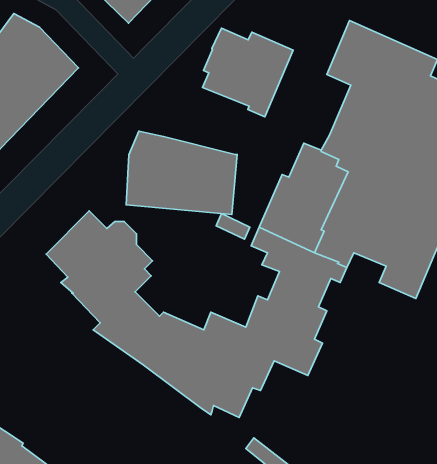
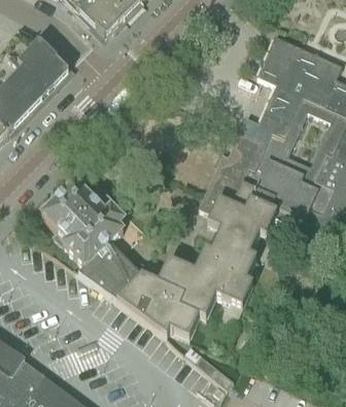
building: [202,28,293,117] -> none
building: [126,131,237,215] -> none

